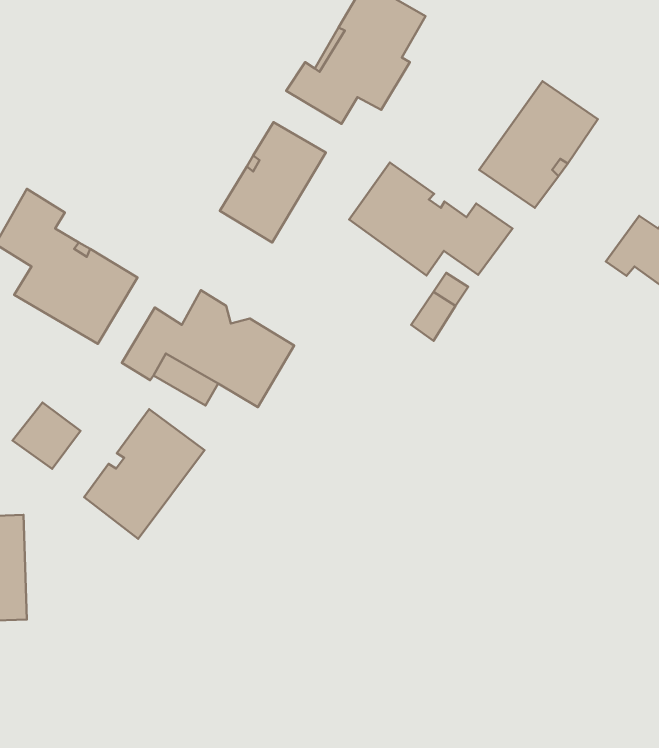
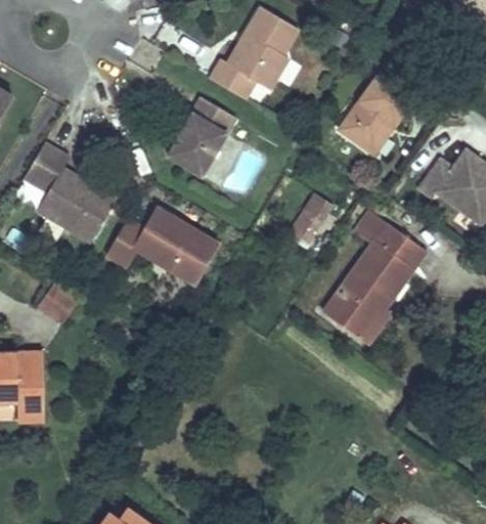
building: [349,162,513,276] -> none
building: none -> [322,223,425,336]
building: [84,409,204,539] -> none

